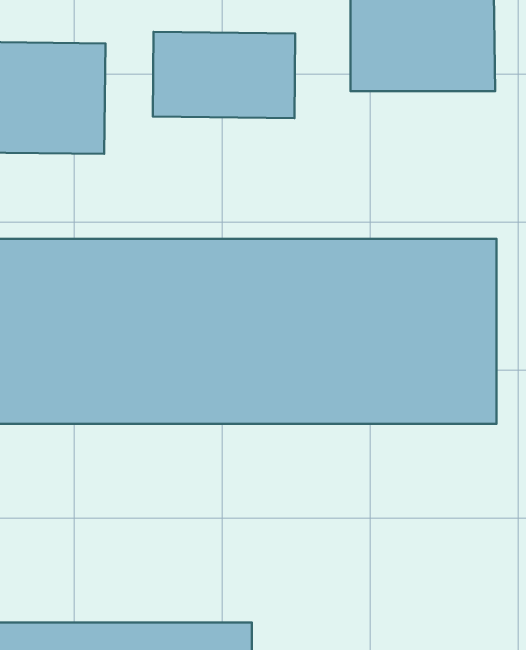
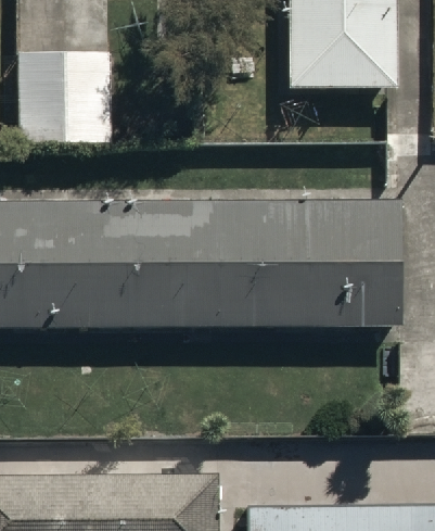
building: [153,32,295,118] -> none

